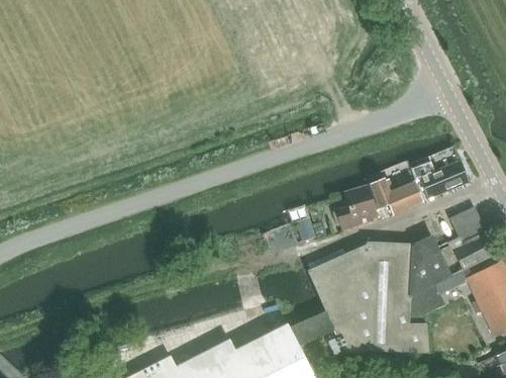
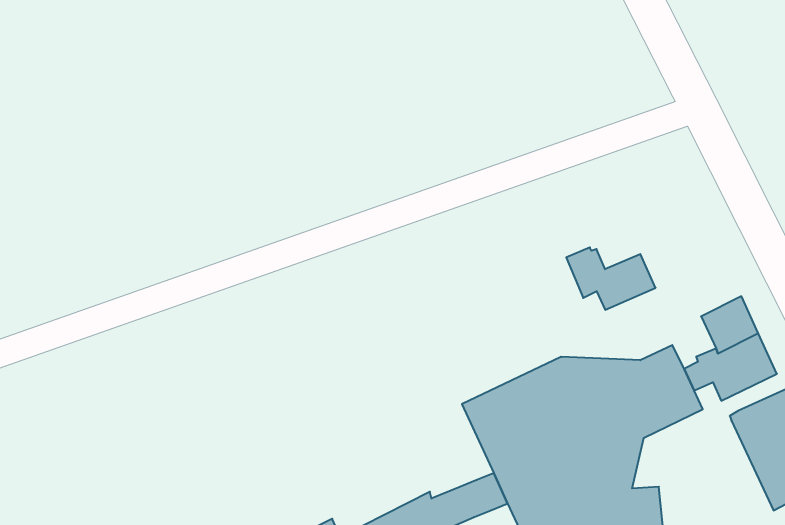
building: [410,160,468,198] -> none
building: [333,184,376,228] -> none
building: [409,266,473,321] -> none

